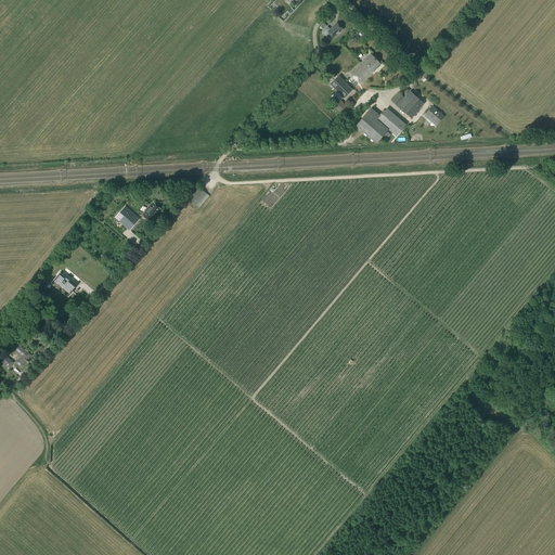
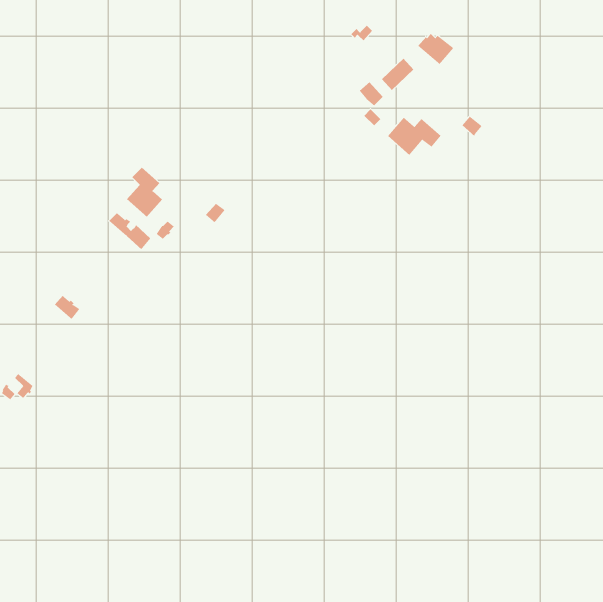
building: [391,89,425,118] -> [417,33,454,65]
building: none -> [126,167,163,217]

